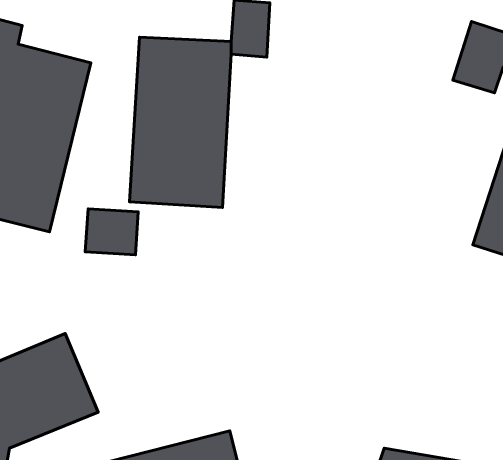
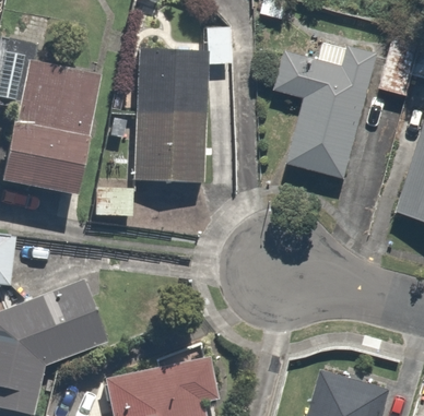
building: none -> [271,38,378,179]

